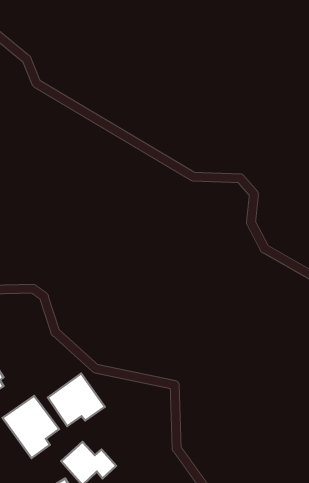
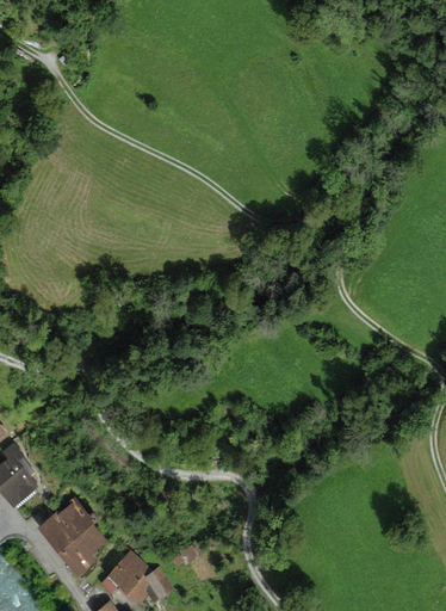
building: [48,373,105,426] -> none

